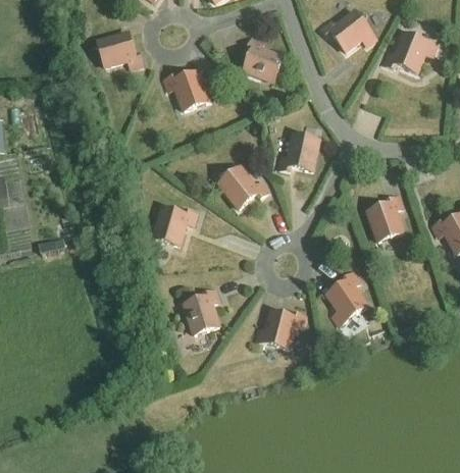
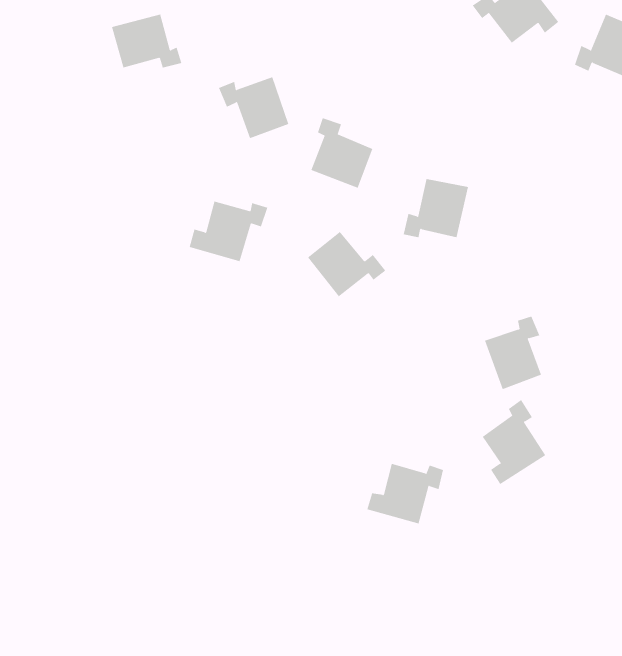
building: [244,37,283,81] -> [311,118,373,188]
building: [367,195,403,241] -> [484,316,542,390]
building: [147,207,196,245] -> [189,201,268,262]
building: [184,288,219,333] -> none

